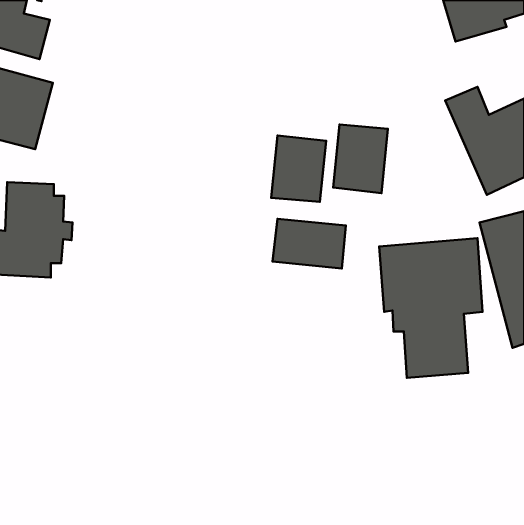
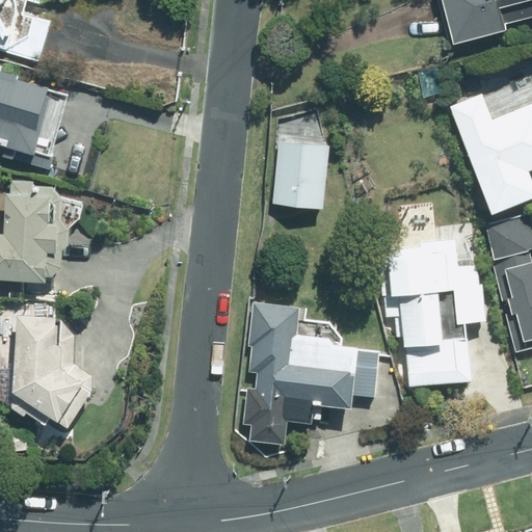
building: [333,124,388,193] -> none
building: [272,219,346,268] -> none
building: none -> [243,310,361,443]
building: none -> [17,317,96,428]

